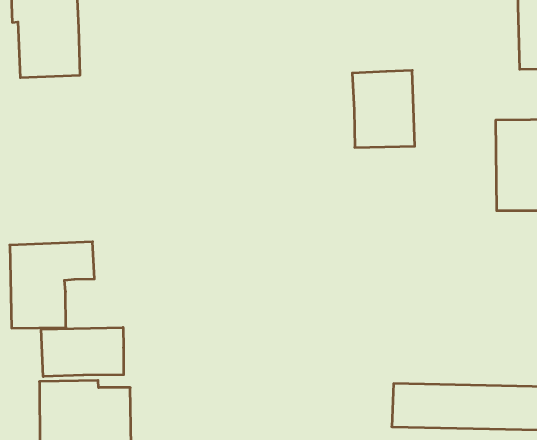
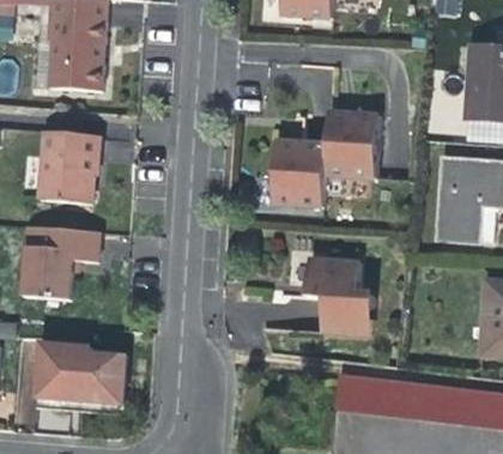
building: none -> [272,138,327,205]
building: none -> [40,132,98,204]
building: none -> [305,256,372,333]
building: [41,327,124,377] -> none

